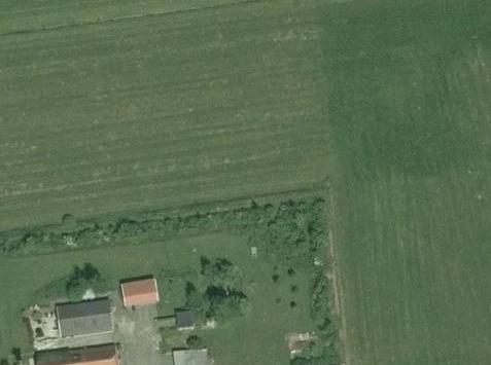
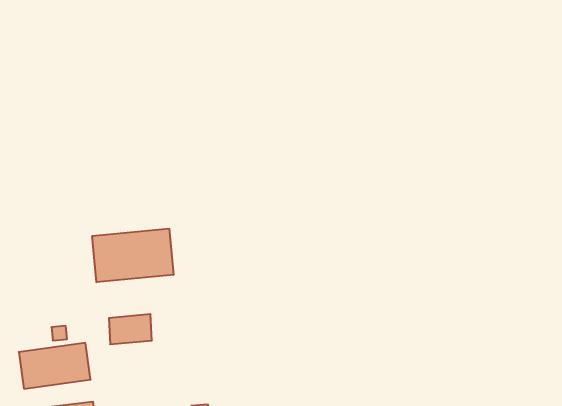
building: none -> [92,229,173,282]

